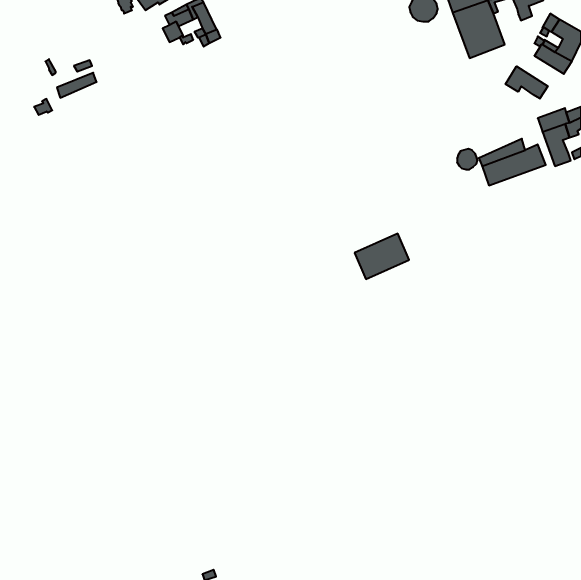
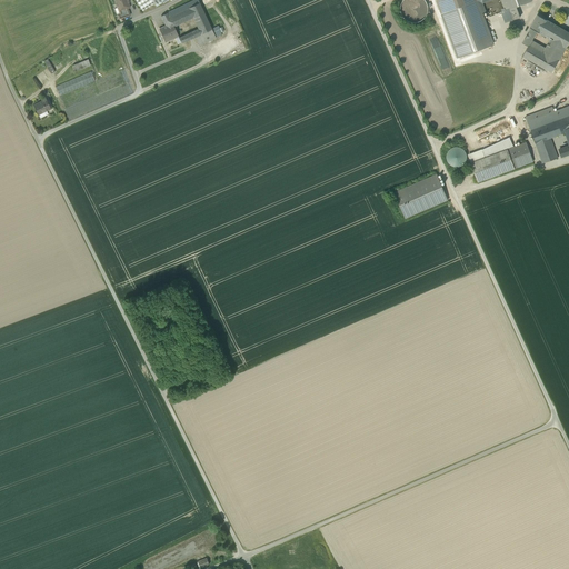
building: [506,66,548,99] -> none
building: [355,234,409,279] -> [395,173,448,218]

